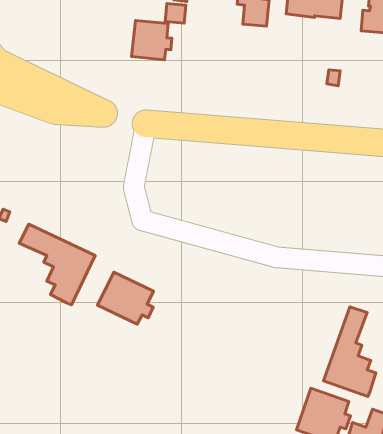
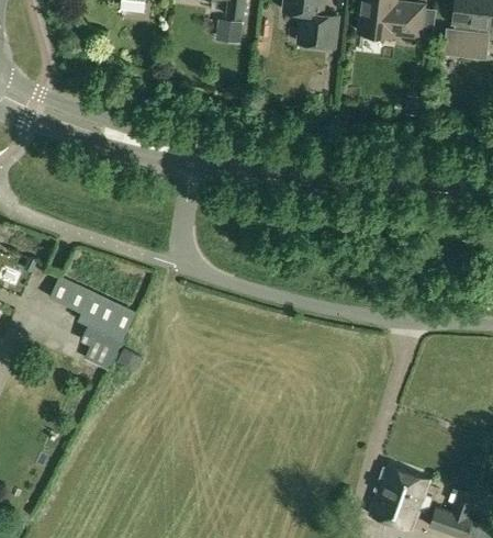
building: [132,20,172,60] -> none
building: [97,272,153,324] -> none
building: [324,307,376,396] -> none

